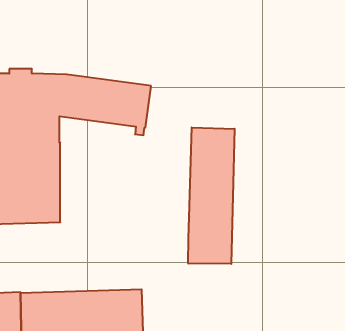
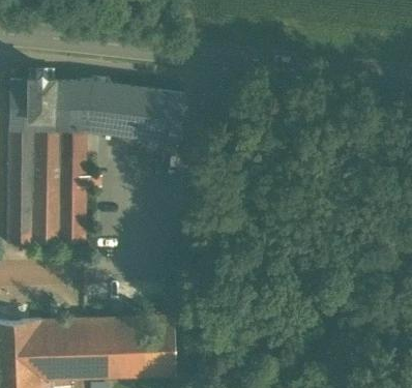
building: [188,127,235,264] -> none

